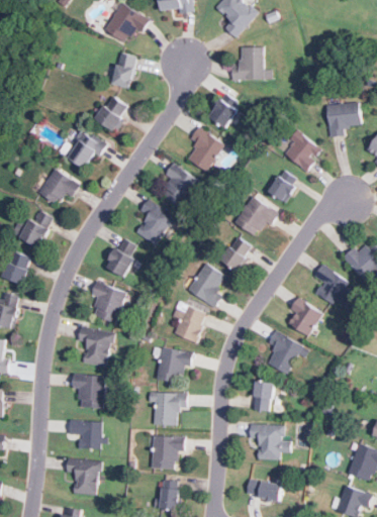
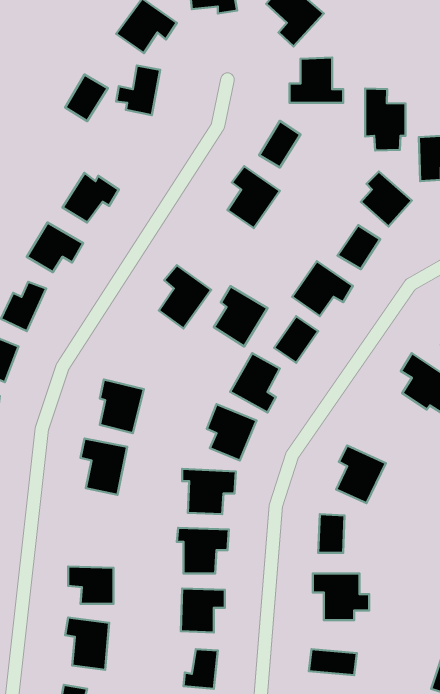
building: none -> [365,88,406,151]
building: [96,96,127,130] -> [65,74,108,121]
building: [160,164,199,208] -> [214,286,268,347]
building: [105,248,133,277] -> none
building: [288,297,322,336] -> none
building: [72,375,104,408] -> none

